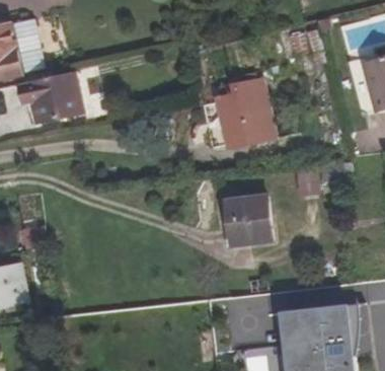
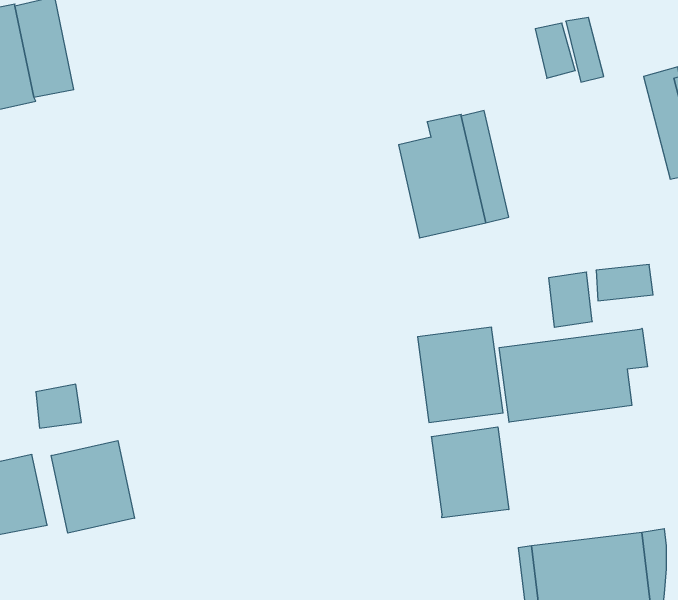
building: [20,71,84,123] -> none
building: none -> [499,328,647,422]
building: none -> [431,427,509,518]
building: none -> [51,441,135,533]

